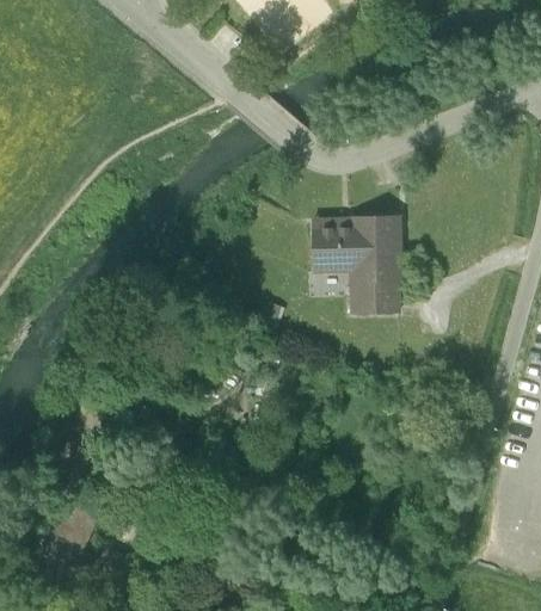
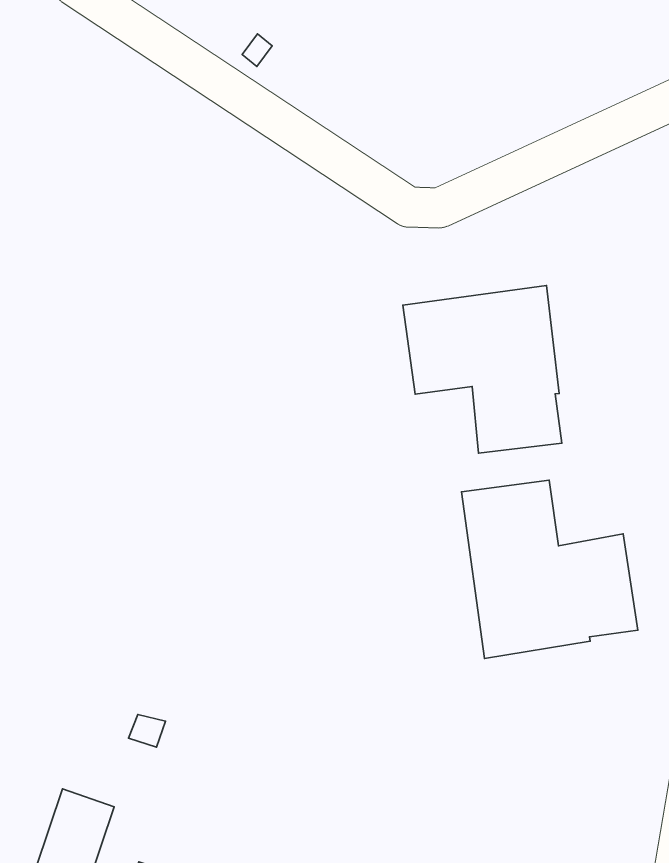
building: none -> [462,480,638,658]

